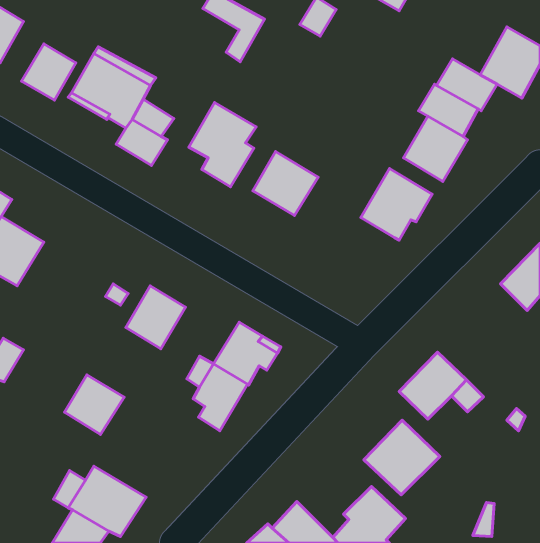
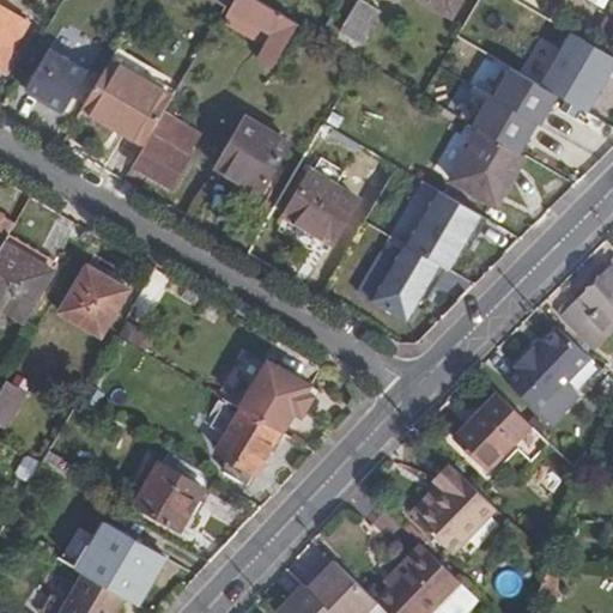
building: none -> [370,243,443,320]
building: [126,286,185,349] -> [60,265,127,335]
building: none -> [503,328,588,425]
building: [64,375,124,435] -> [147,466,214,533]

